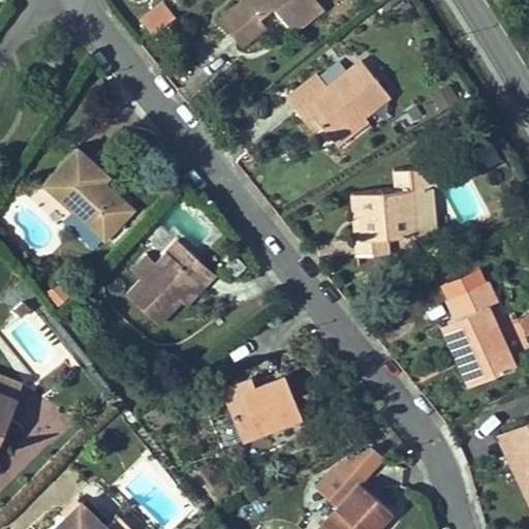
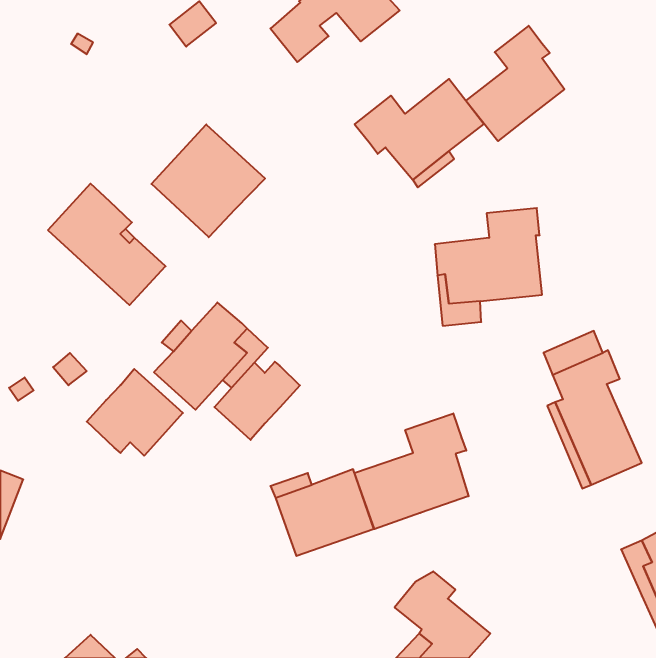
building: none -> [466,26,564,141]
building: none -> [151,124,265,237]
building: none -> [214,362,300,440]
building: none -> [87,369,183,456]
building: none -> [354,413,469,529]

